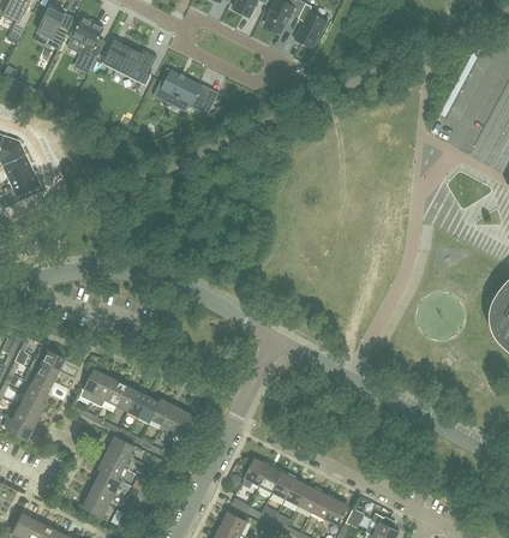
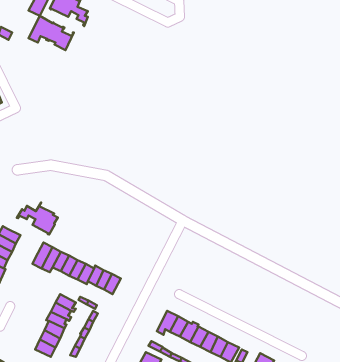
building: [152,67,211,112] -> [29,16,74,50]
building: none -> [17,202,58,234]

